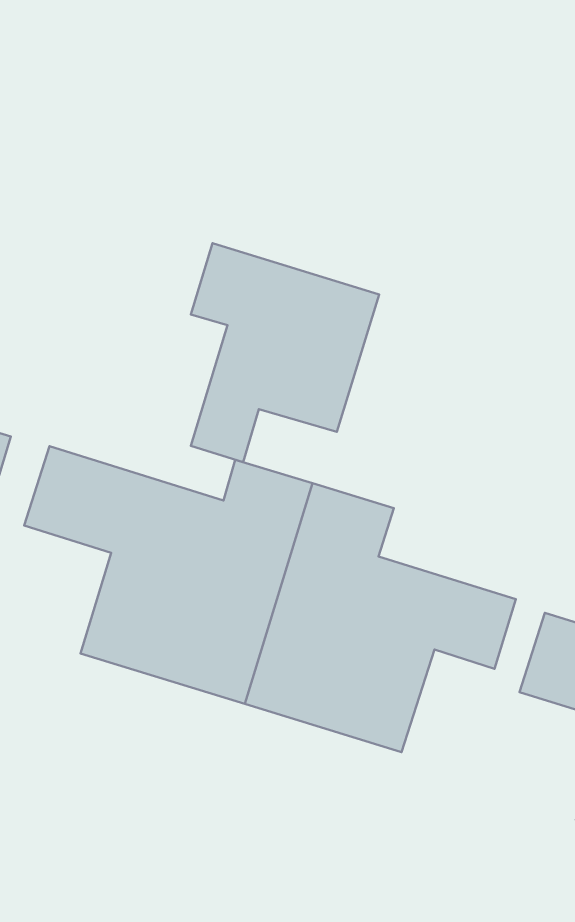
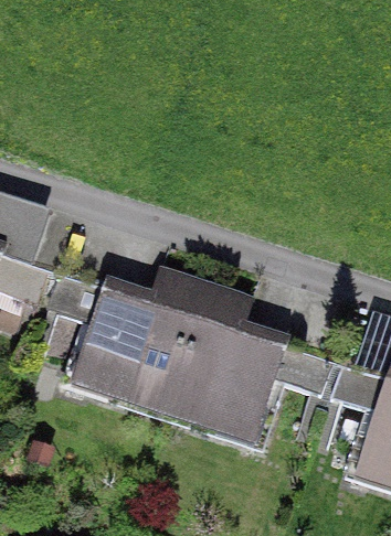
building: [191,243,379,462] -> none

